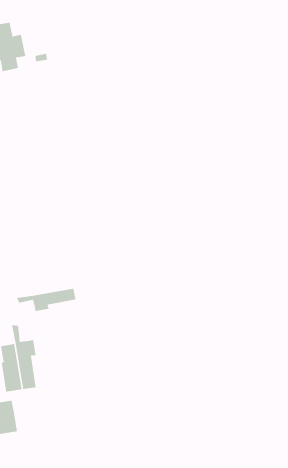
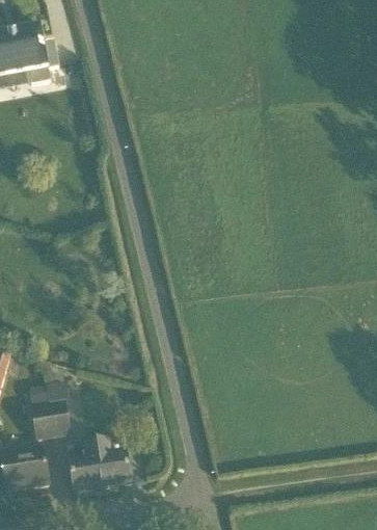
building: [16,288,76,312] -> none
building: none -> [65,440,129,489]

